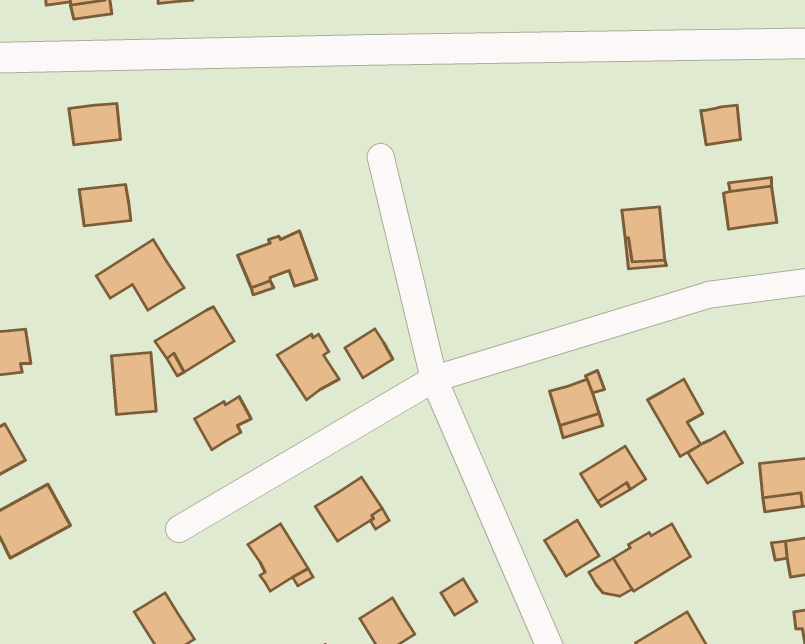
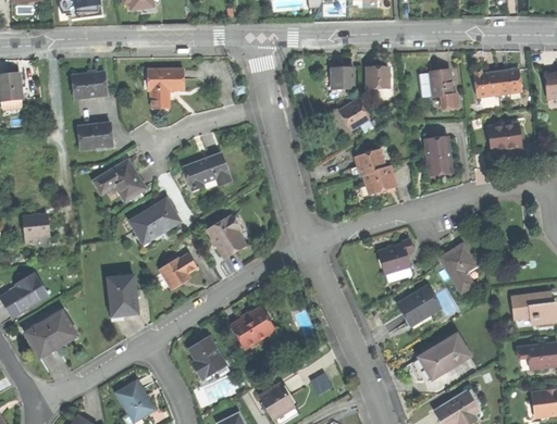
building: none -> [368,66,391,88]
building: none -> [148,67,185,104]
building: none -> [333,67,355,89]
building: none -> [430,68,459,107]
building: none -> [497,68,522,93]
building: none -> [339,99,370,129]
building: none -> [355,149,395,194]
building: [345,329,393,378] -> none
building: [111,353,156,415] -> [108,275,136,314]
building: [688,431,743,483] -> none
building: [544,520,599,576] -> none

